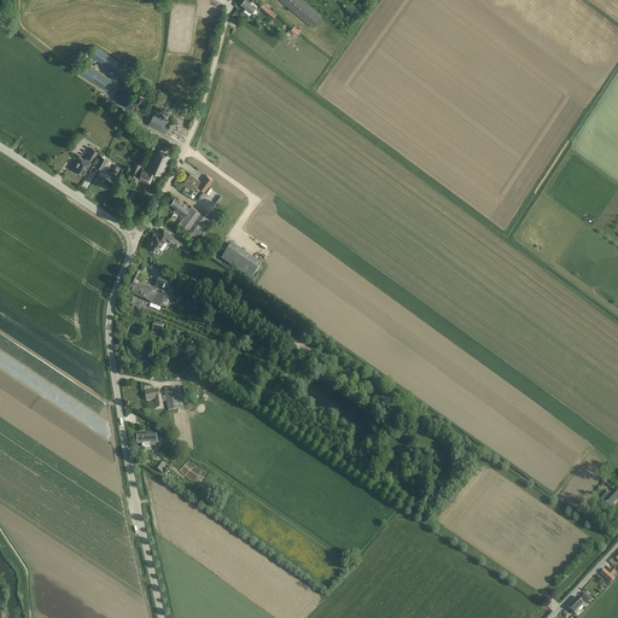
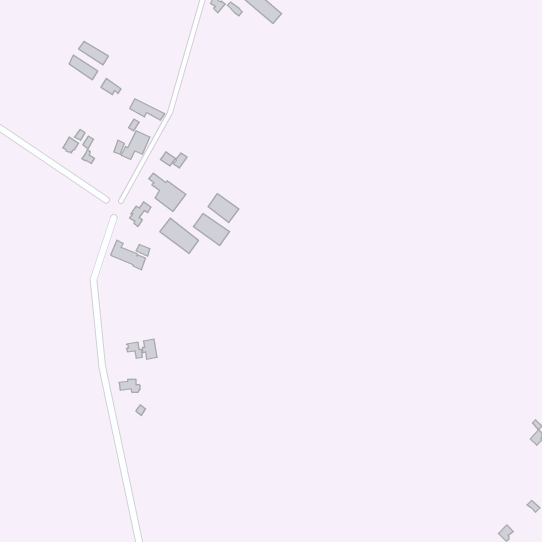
building: none -> [208,194,239,223]
building: none -> [160,218,198,254]

